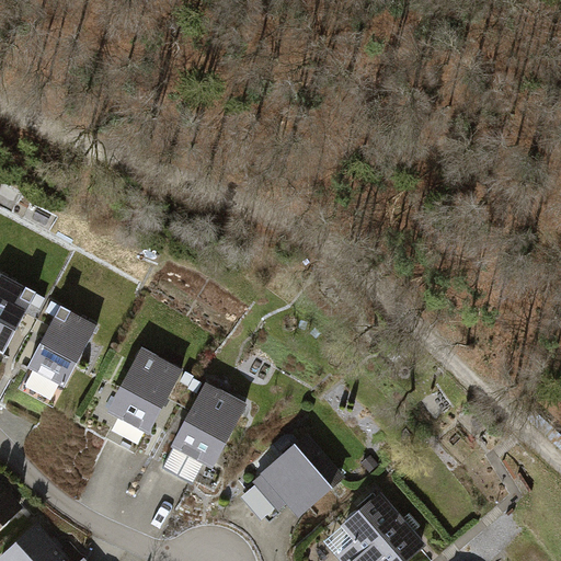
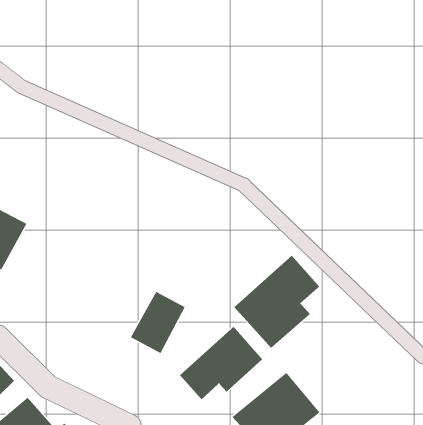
building: [27,307,99,390] -> none
building: none -> [233,255,320,349]
building: [105,348,182,435] -> none

